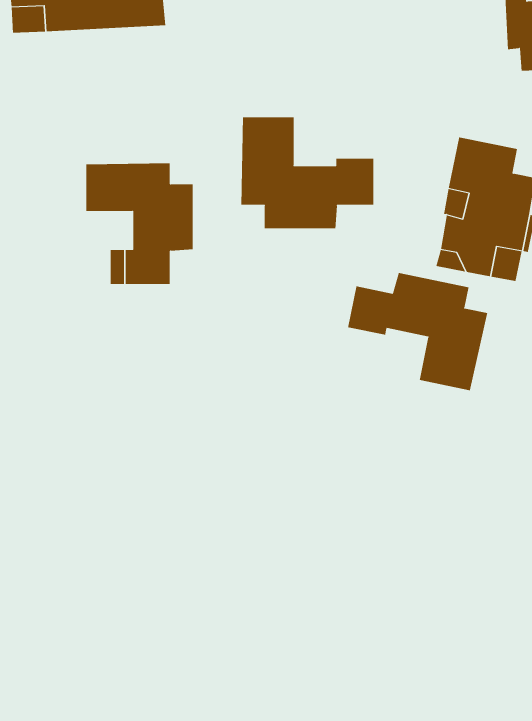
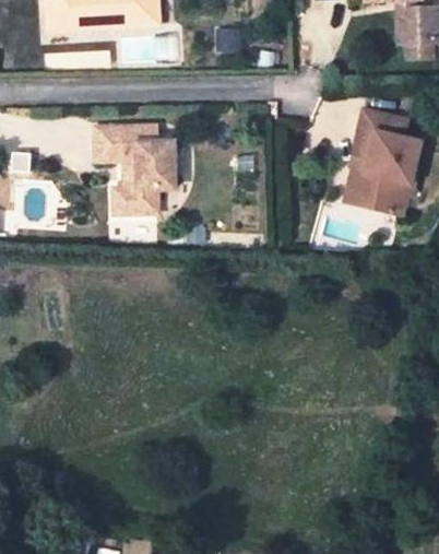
building: [241,116,374,229] -> none
building: [348,272,488,391] -> none

